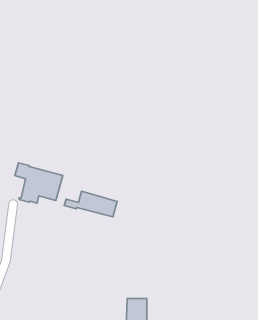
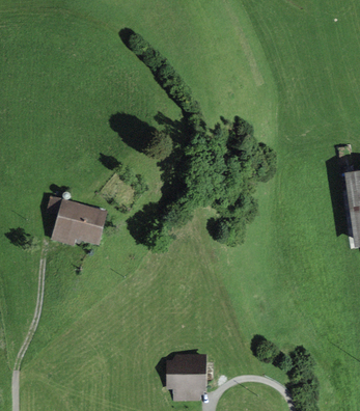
building: [64,191,117,217] -> none

